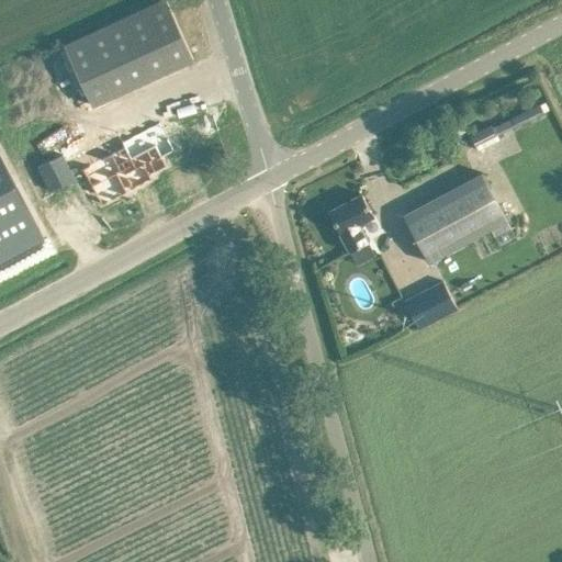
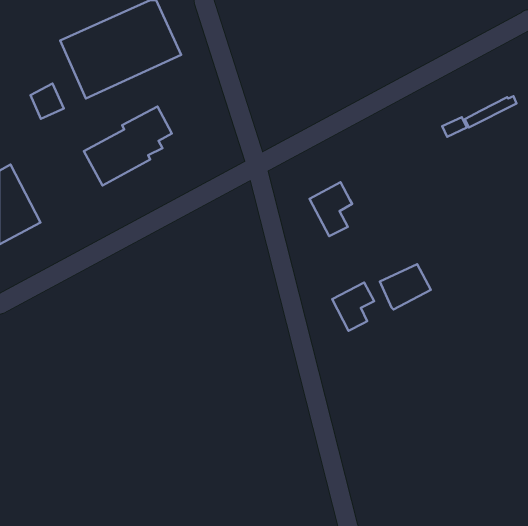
building: [38,156,74,193] -> [31,84,64,119]
building: [403,176,507,265] -> none
building: none -> [332,283,374,331]

